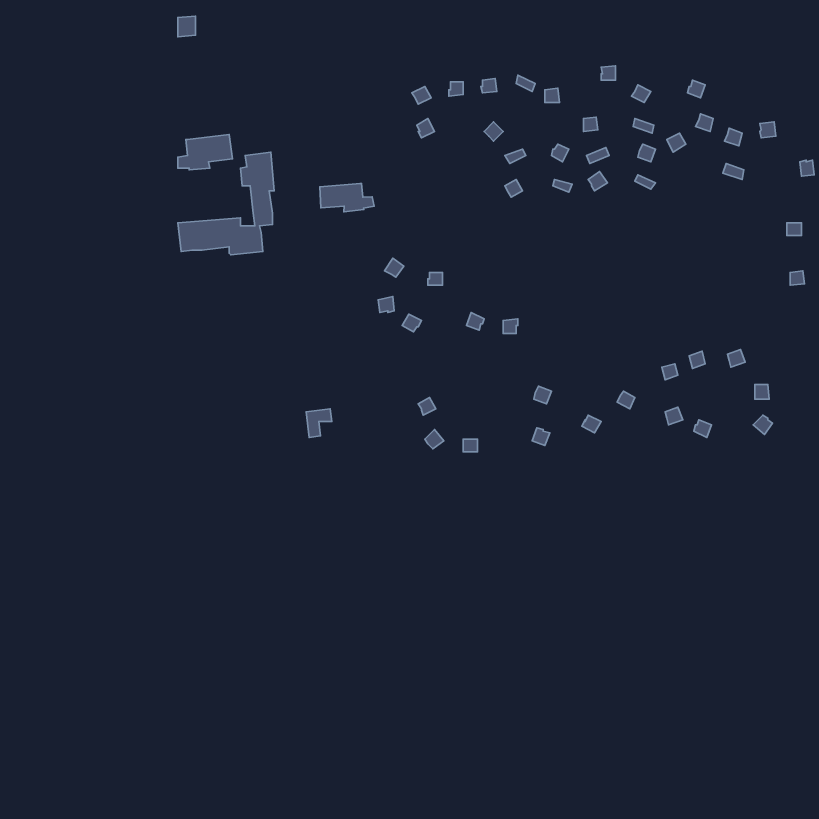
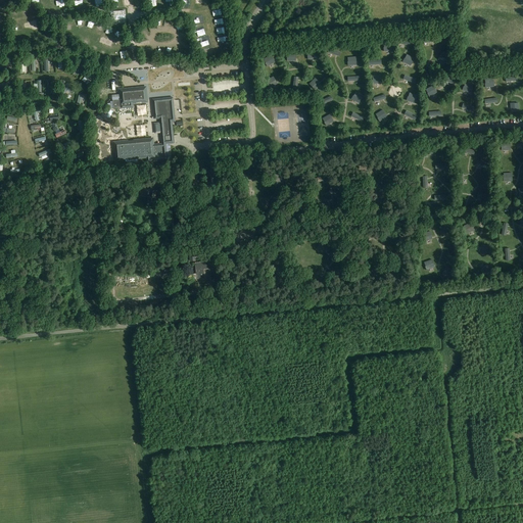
building: [320,183,374,212] -> none

